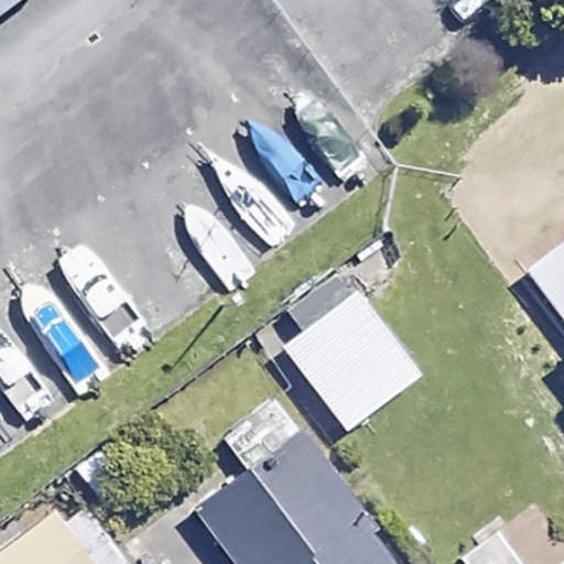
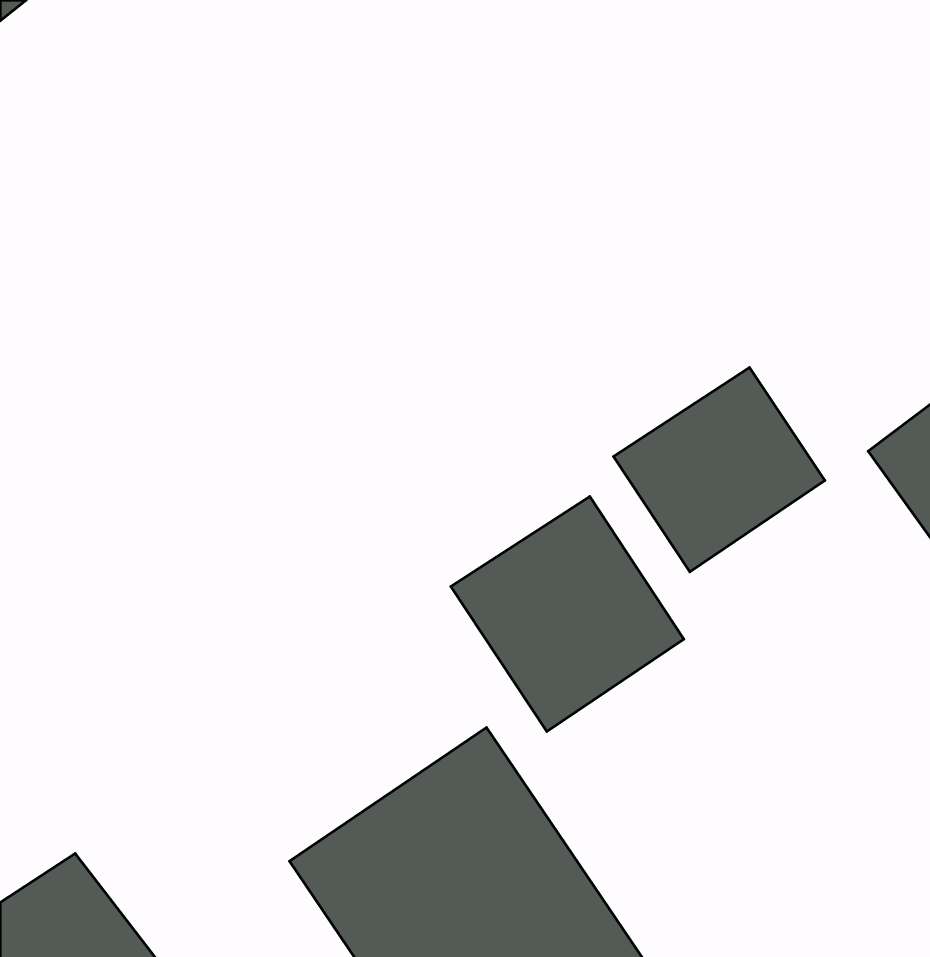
building: none -> [614,367,825,572]

